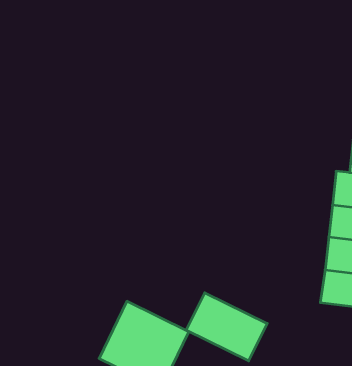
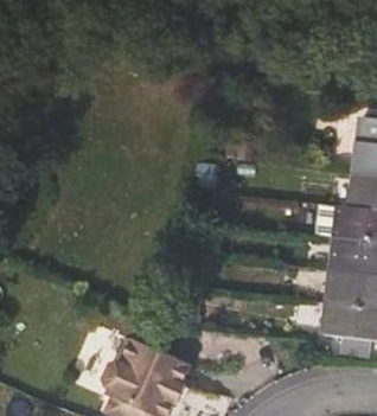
building: [186,293,267,361] -> none

